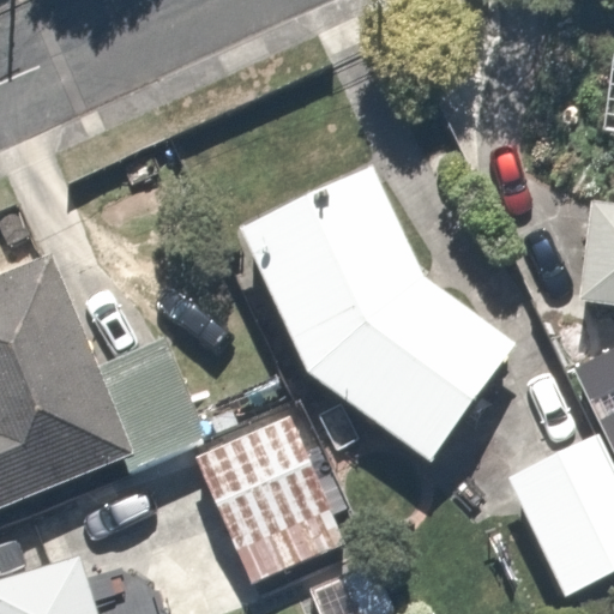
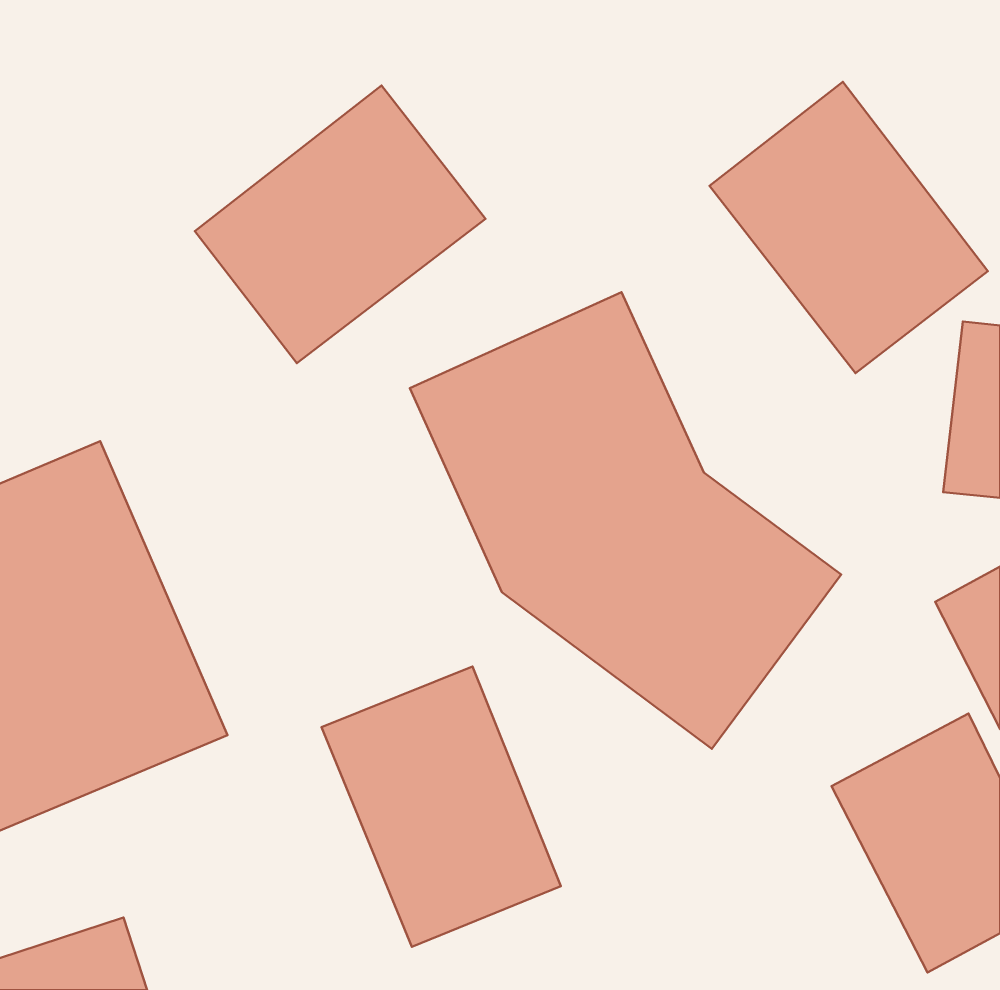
building: none -> [710,82,988,373]
building: none -> [195,86,485,363]

